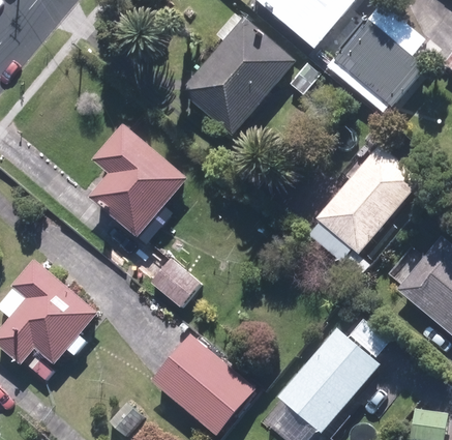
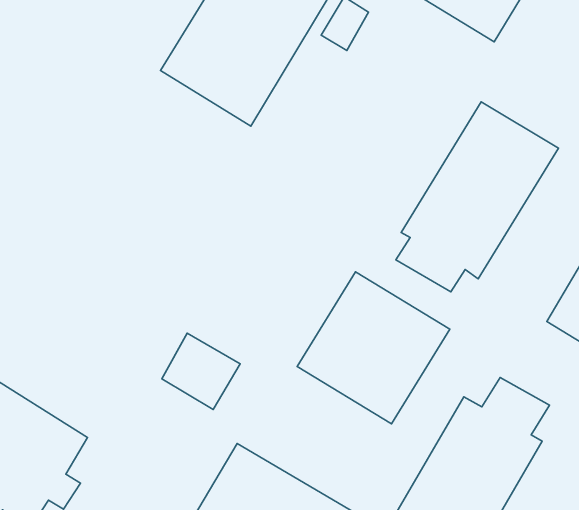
building: [89,124,188,237] -> none
building: none -> [297,272,450,424]

